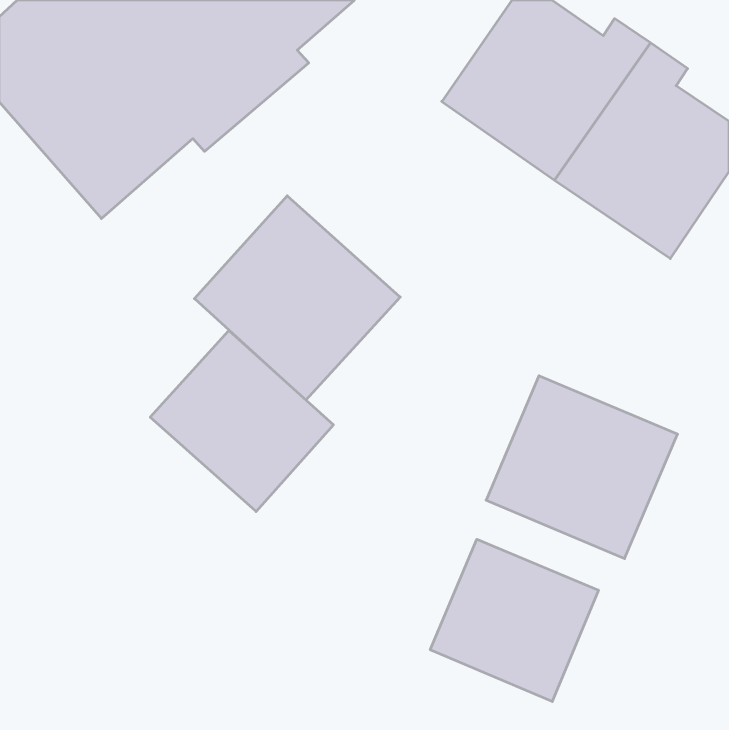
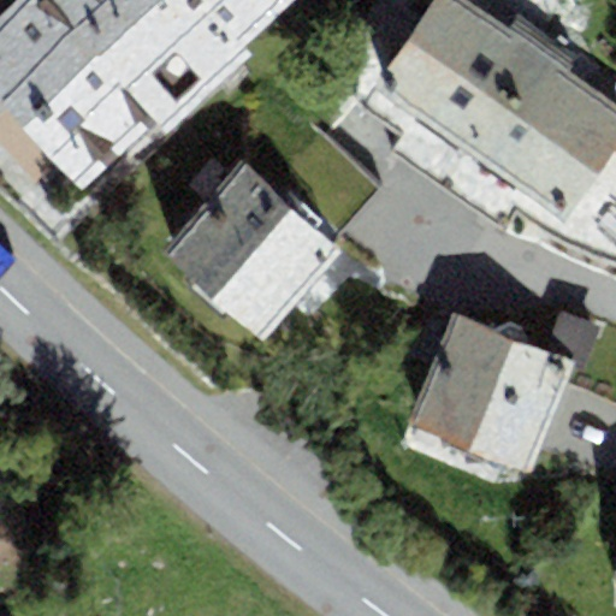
building: [150,331,333,512] -> none
building: [430,539,598,702] -> none

